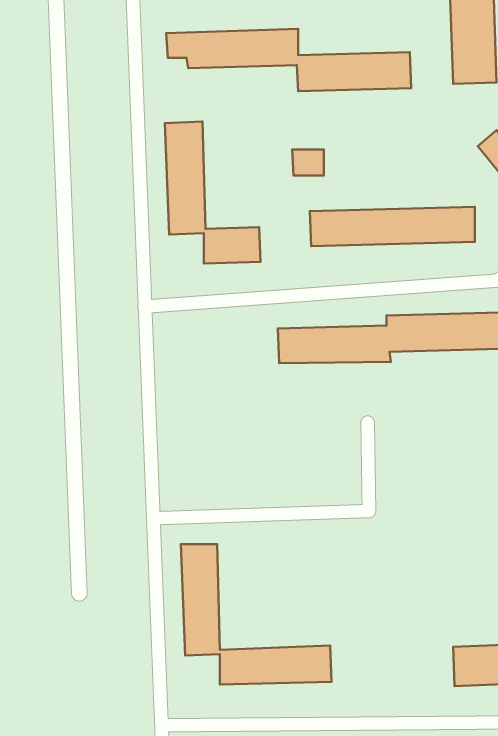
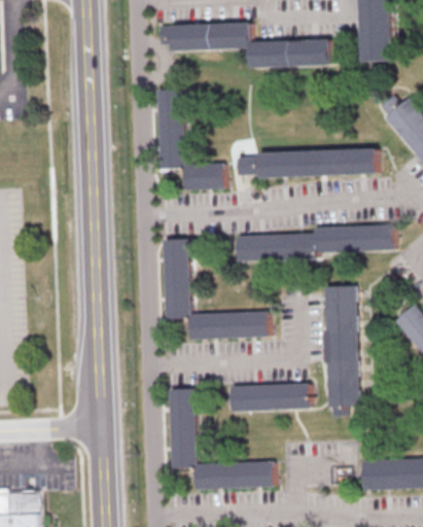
building: [292,149,324,175] -> [236,156,258,175]
building: none -> [163,239,269,339]
building: none -> [325,285,359,416]
building: none -> [232,383,311,411]

